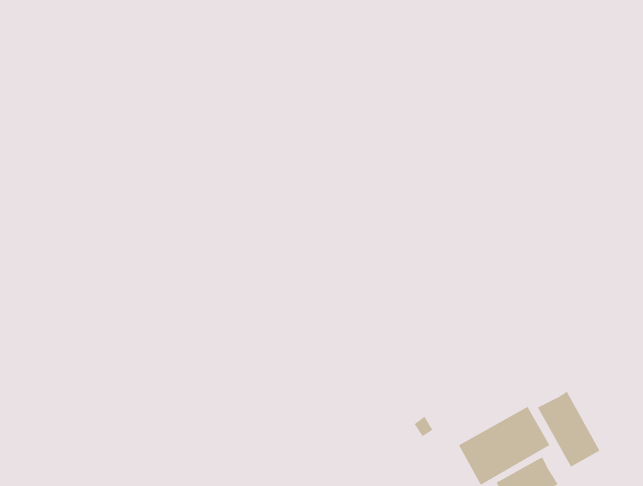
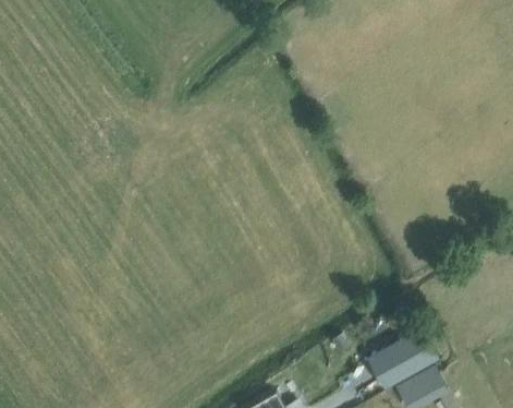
building: [537,390,600,467] -> none

